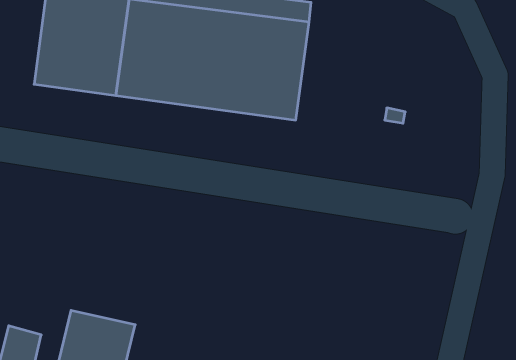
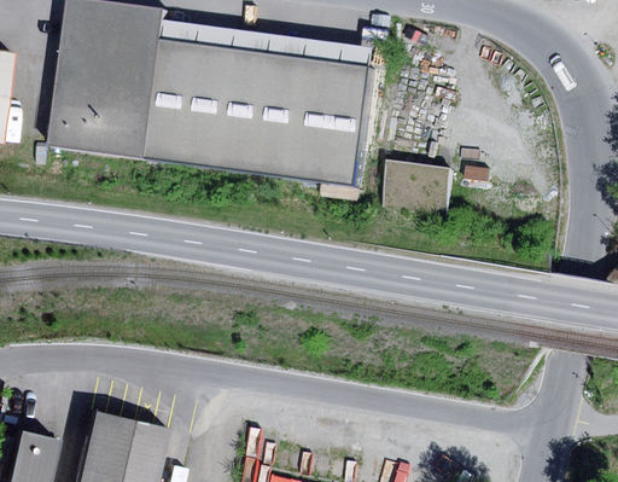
building: none -> [380,159,449,214]

